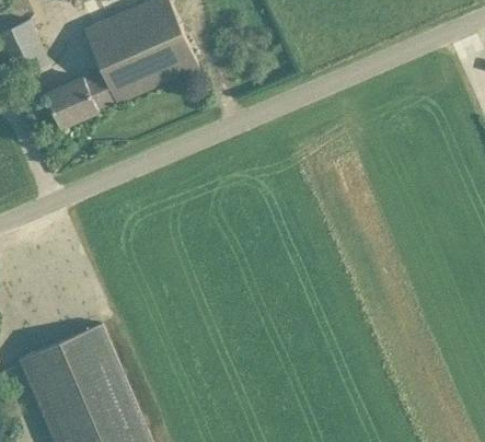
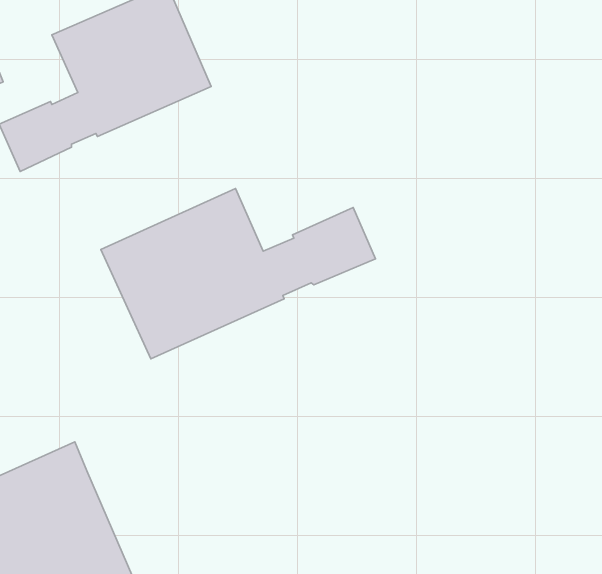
building: none -> [101,188,375,359]

